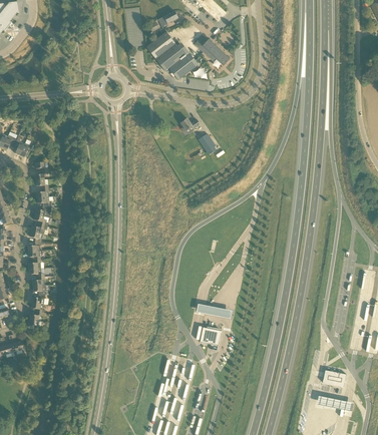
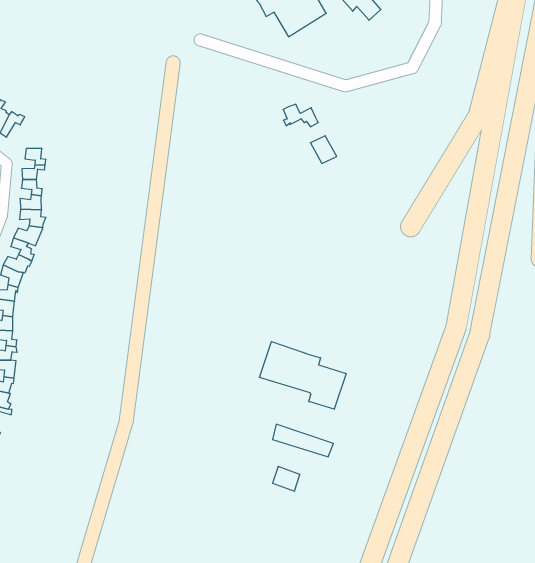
building: none -> [259,342,346,409]

